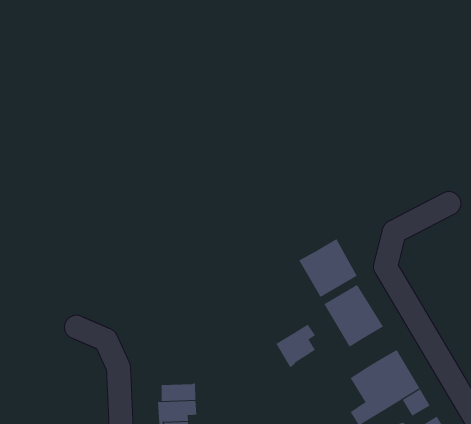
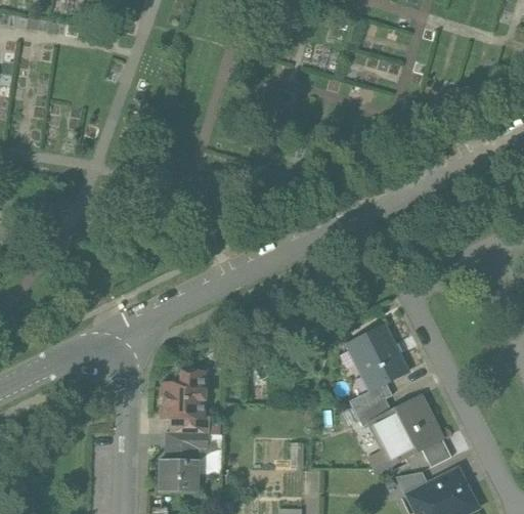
building: [298,238,357,298] -> none
building: [275,324,316,368] -> [350,381,393,426]
building: none -> [163,371,205,416]

